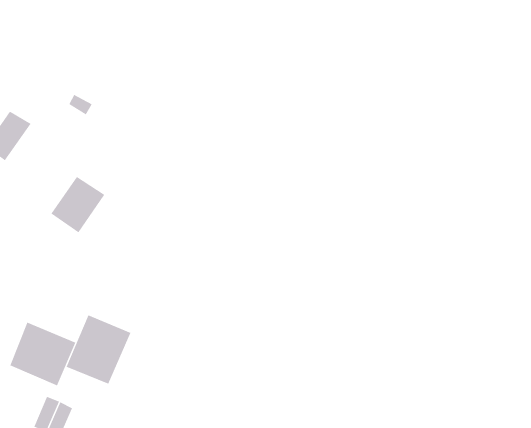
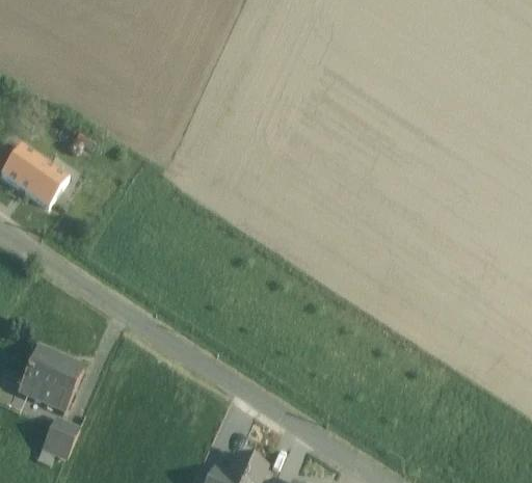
building: [50,176,105,233] -> [15,156,66,210]
building: [66,314,131,384] -> none

